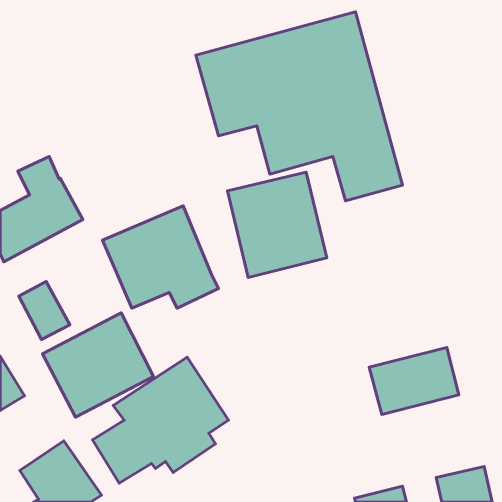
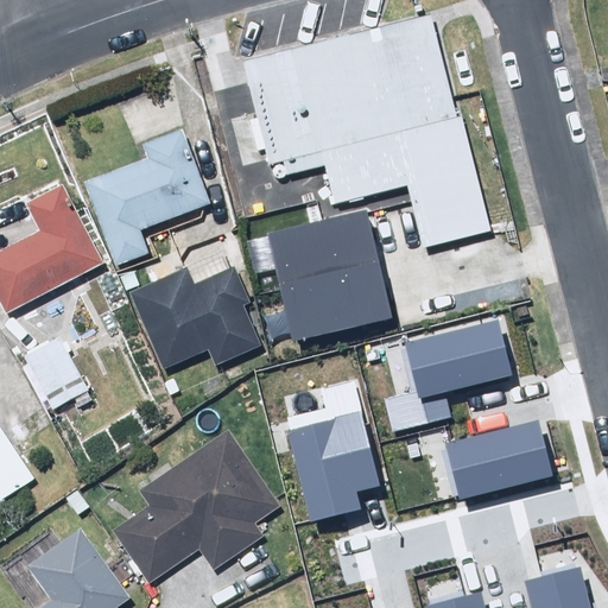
building: none -> [84,131,207,265]
building: none -> [385,318,514,432]
building: [43,313,153,417] -> none
building: none -> [286,380,382,520]

